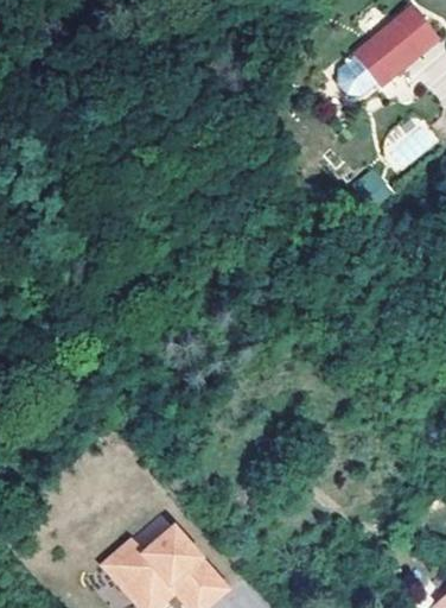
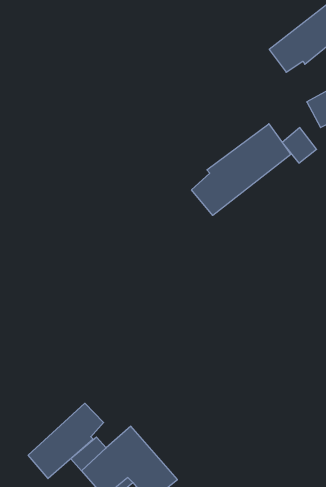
building: none -> [192,124,291,215]
building: none -> [28,403,104,479]

